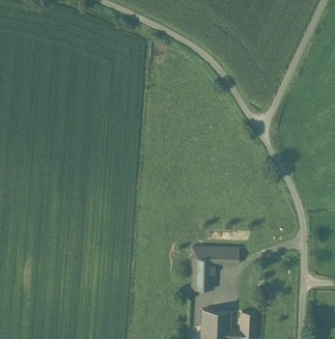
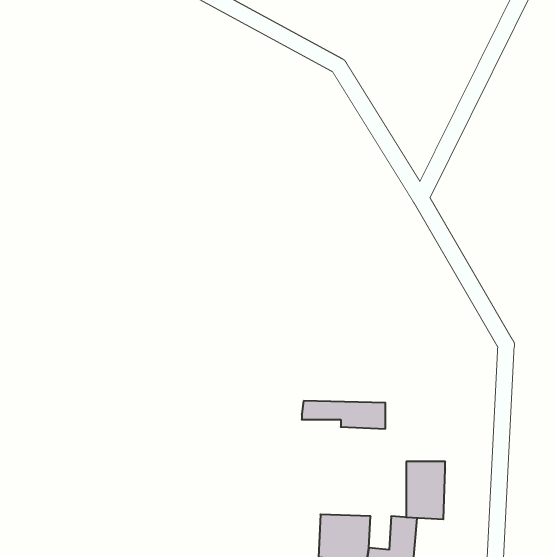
building: [192,258,214,290] -> [406,462,445,519]

